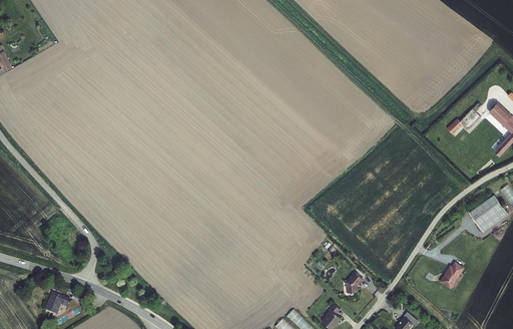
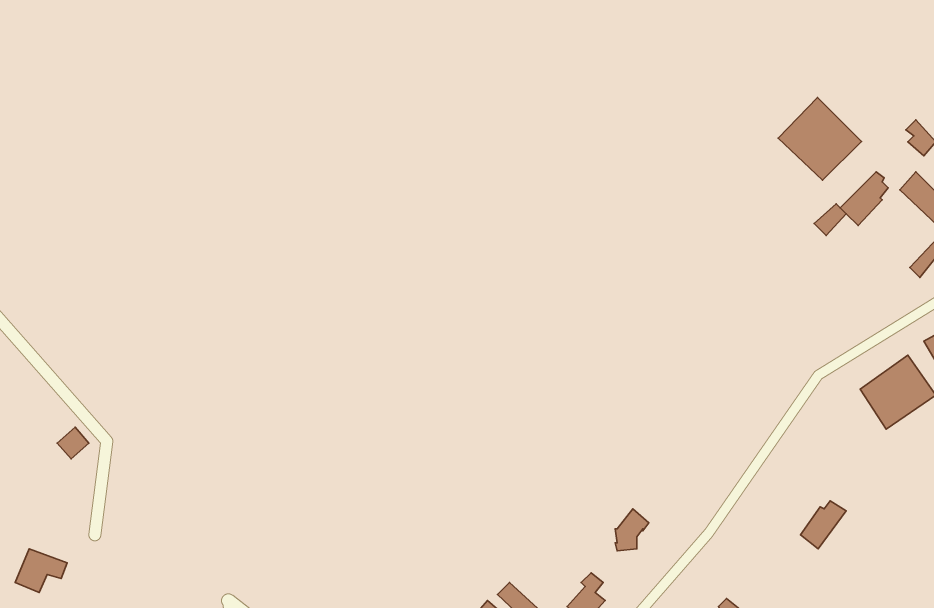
building: none -> [778,98,861,180]

